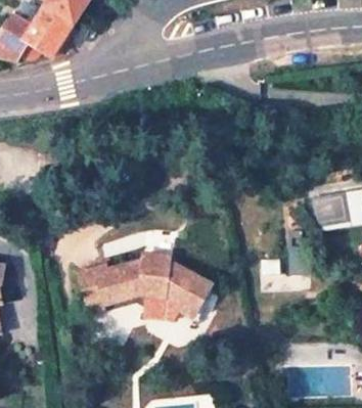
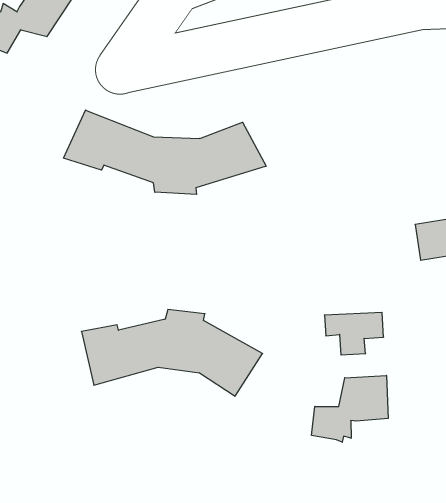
building: none -> [63,110,266,194]
building: none -> [312,375,388,442]

